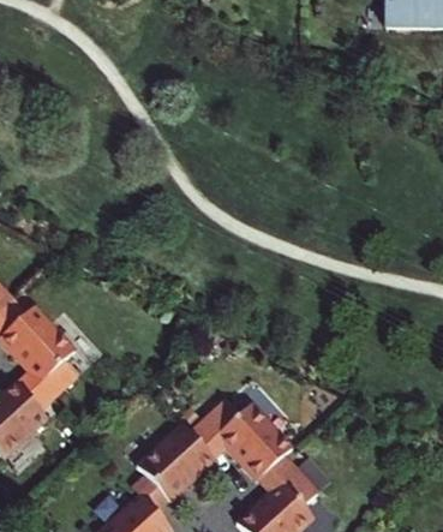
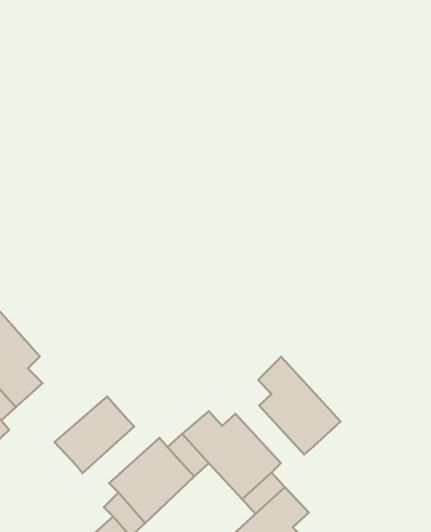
building: none -> [258,357,340,454]
building: none -> [55,397,134,473]

